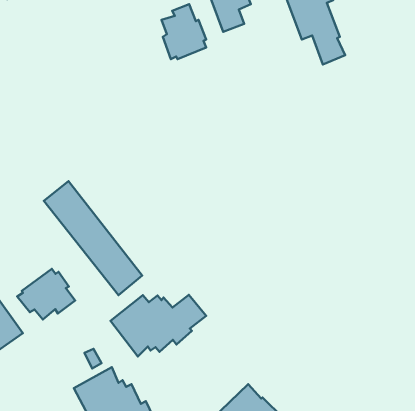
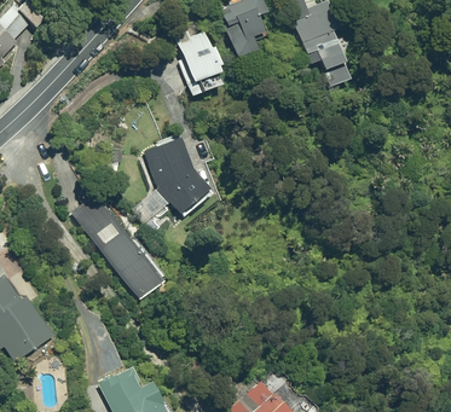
building: none -> [146,138,210,214]
building: [17,269,75,320] -> none
building: [111,295,206,356] -> none

